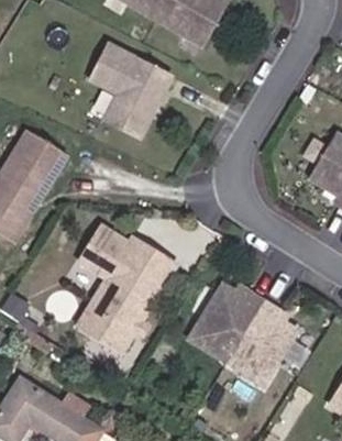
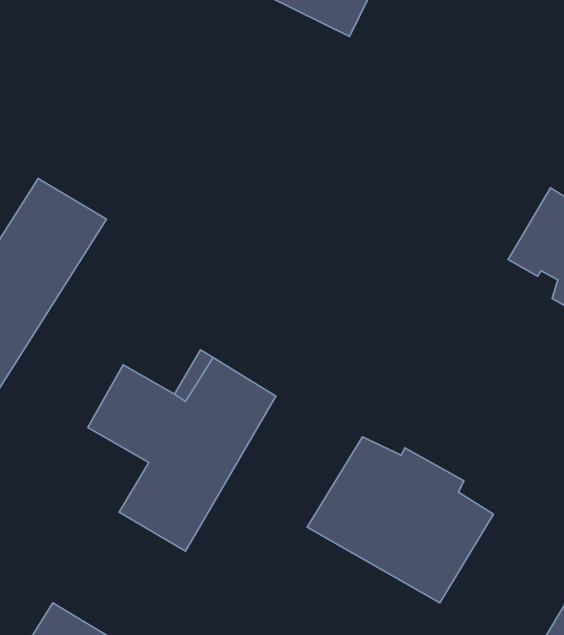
building: [90,43,172,136] -> none

